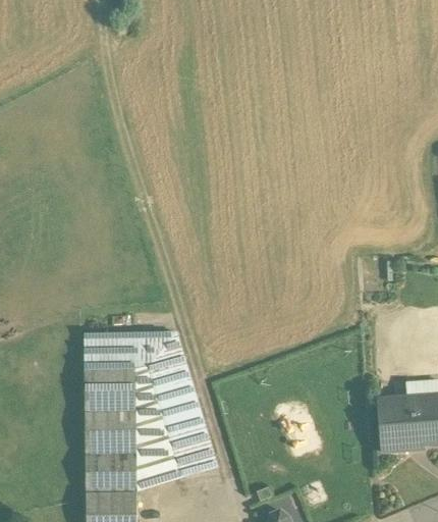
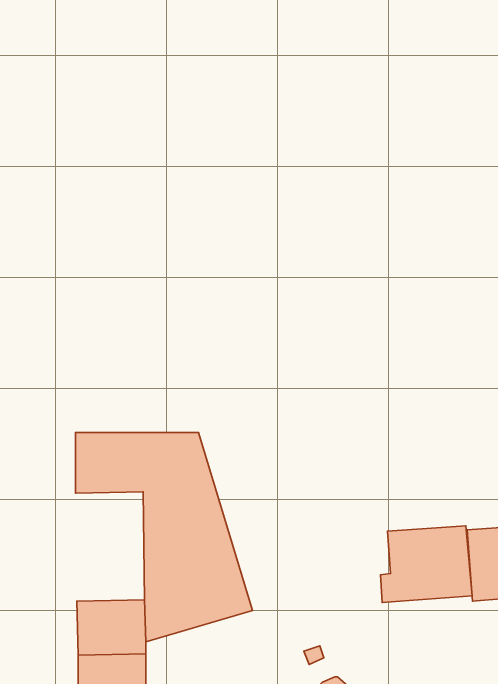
building: [84,373,135,456] -> none
building: none -> [380,526,472,603]

